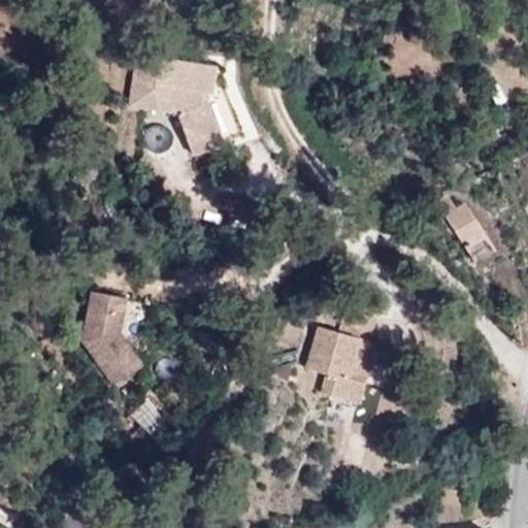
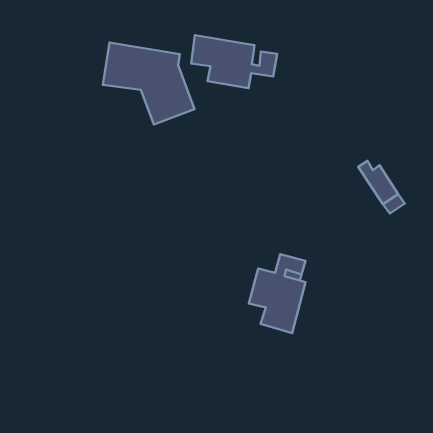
building: none -> [191,35,277,88]
building: [84,296,144,390] -> none

